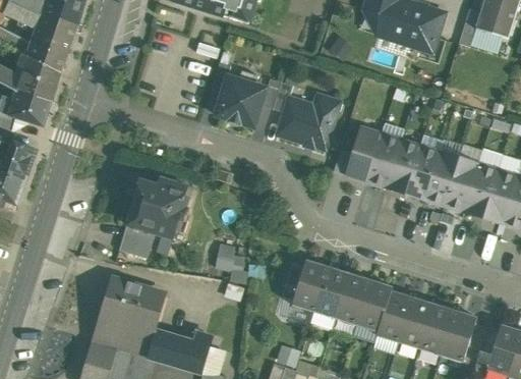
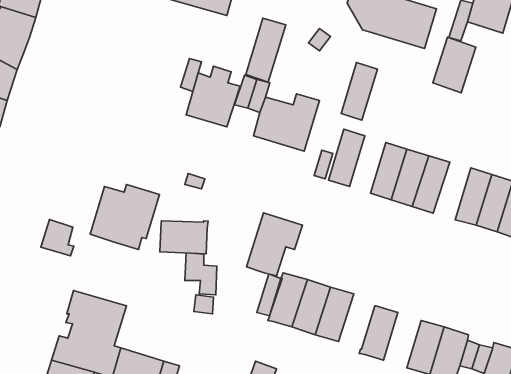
building: none -> [246,18,286,82]
building: none -> [433,37,476,93]
building: [366,133,400,186] -> [341,63,377,120]
building: [444,158,478,211] -> none
building: none -> [247,213,302,276]
building: none -> [160,221,208,254]
building: [119,224,150,258] -> [41,219,74,256]
building: [356,279,392,330] -> none
building: [398,296,432,347] -> none

